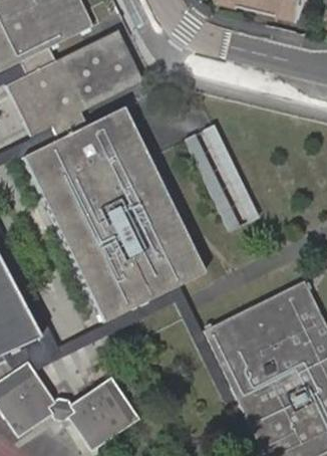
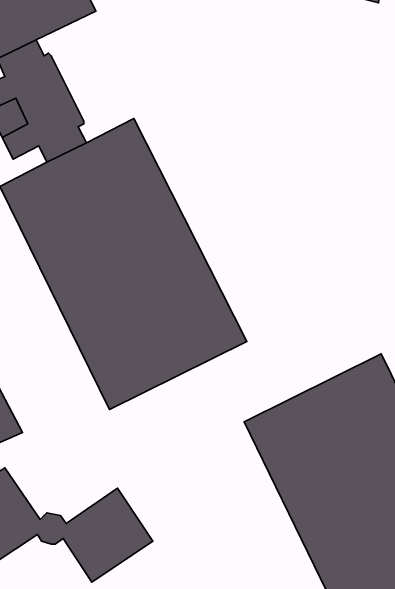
building: [60,29,145,107] -> none
building: [192,125,258,233] -> none

